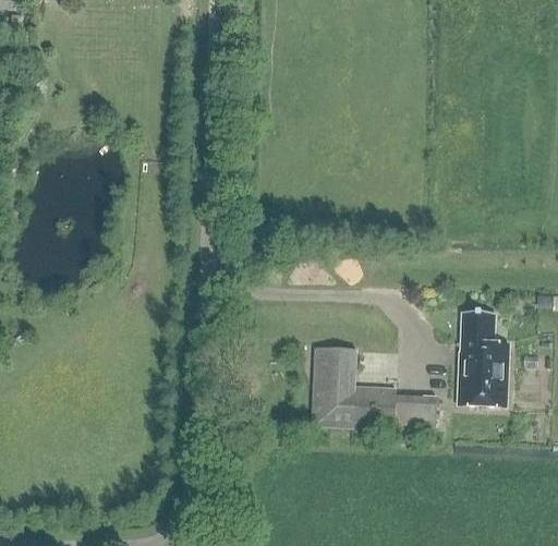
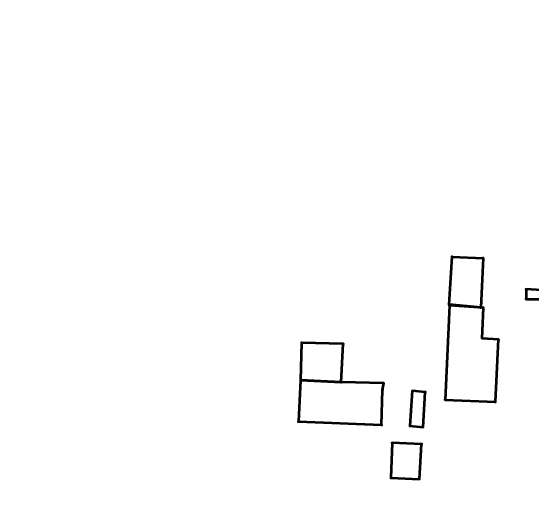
building: none -> [449,257,483,308]
building: [393,393,424,429] -> [391,443,422,479]

